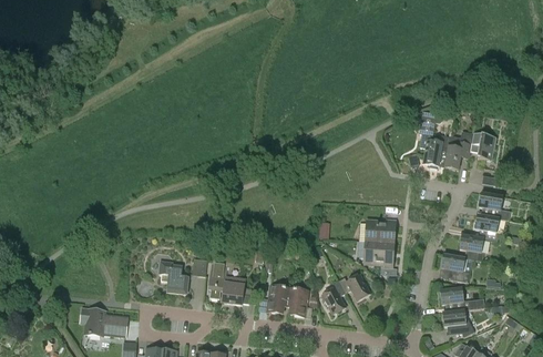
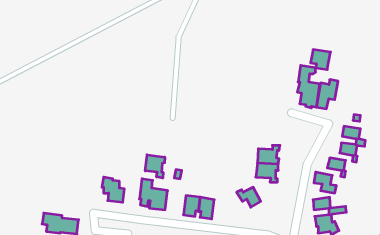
building: [470,133,496,160] -> [311,50,331,70]
building: none -> [145,155,165,178]
building: [321,280,346,314] -> none

